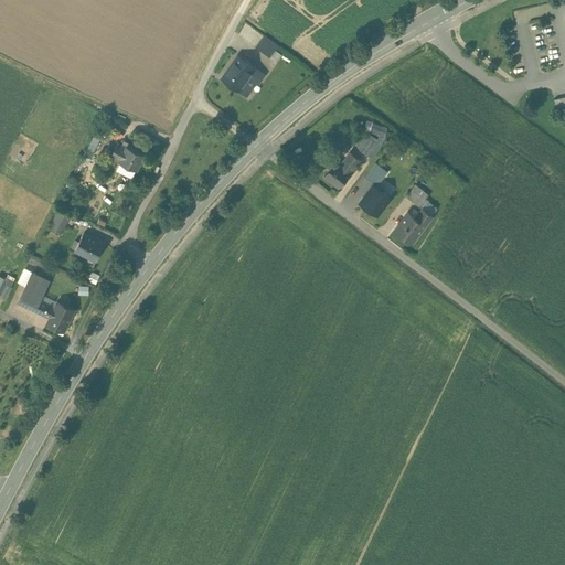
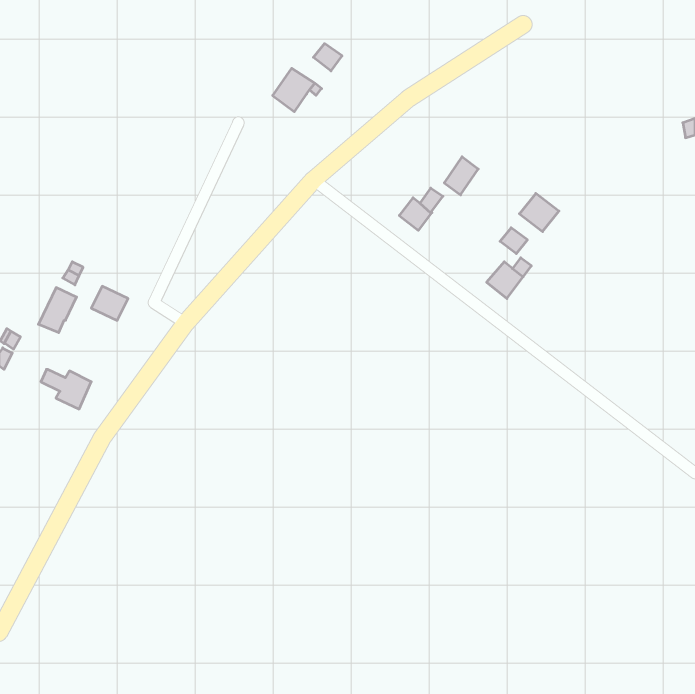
building: [109,145,143,172] -> none
building: [360,182,392,213] -> [519,193,559,232]
building: [17,275,47,311] -> [38,288,77,333]

